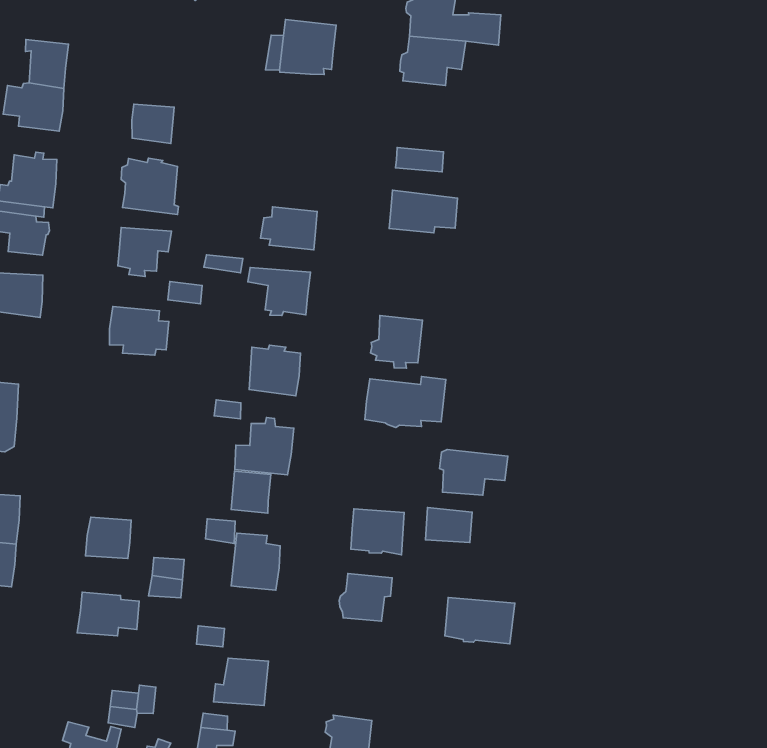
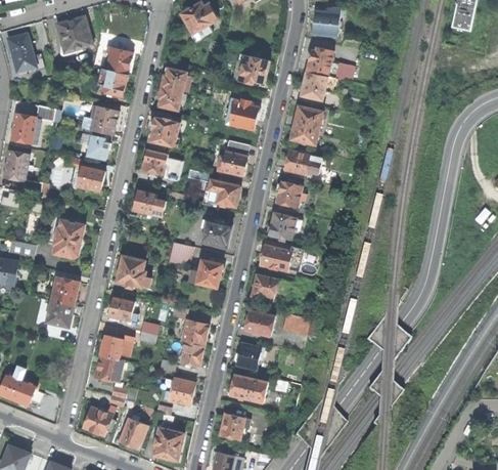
building: none -> [161,69,185,92]
building: none -> [226,97,260,128]
building: none -> [292,105,322,132]
building: none -> [274,180,305,211]
building: none -> [116,257,150,290]
building: [439,450,508,495] -> [252,274,287,300]
building: [231,471,271,513] -> [180,342,202,366]
building: [445,597,515,644] -> [229,374,267,401]
building: none -> [94,355,123,385]

